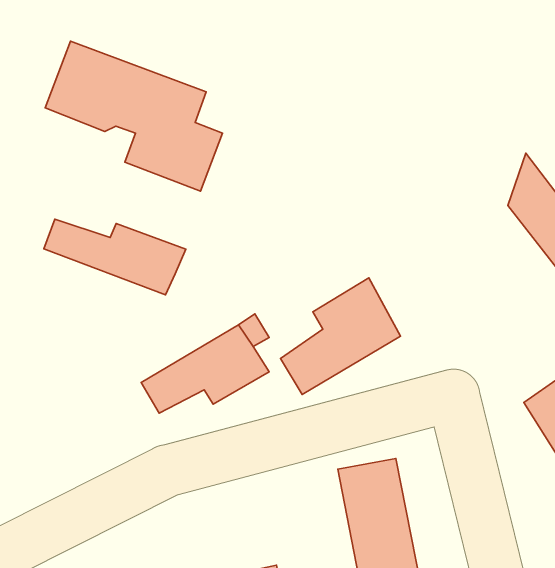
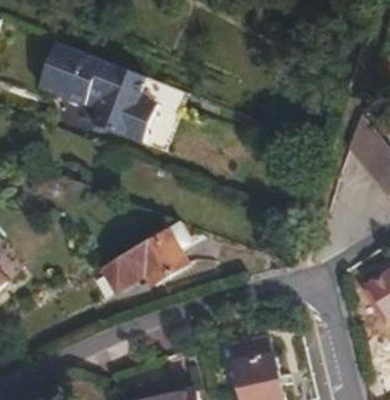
building: [44,219,186,295] -> none
building: [280,278,400,395] -> none

